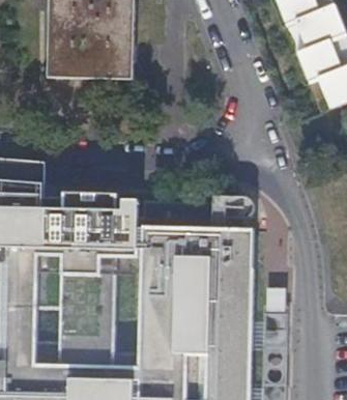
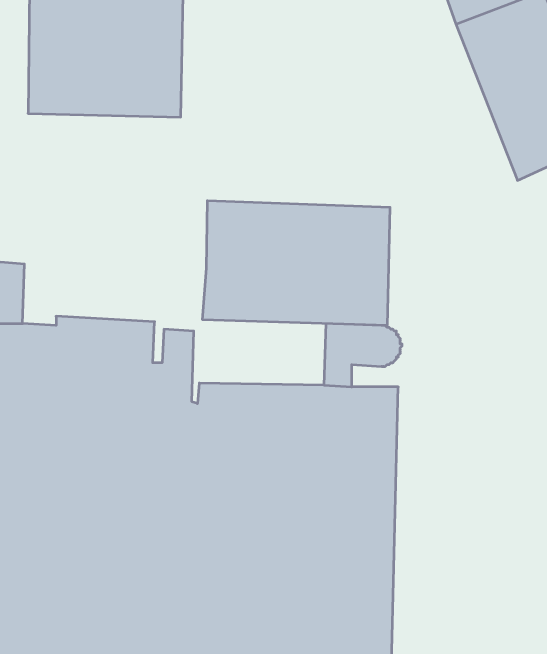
building: none -> [203,201,390,326]

